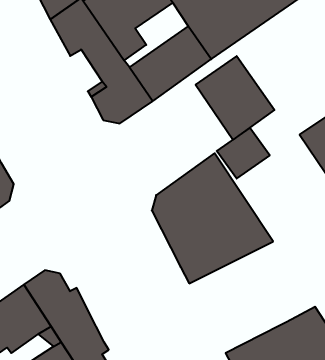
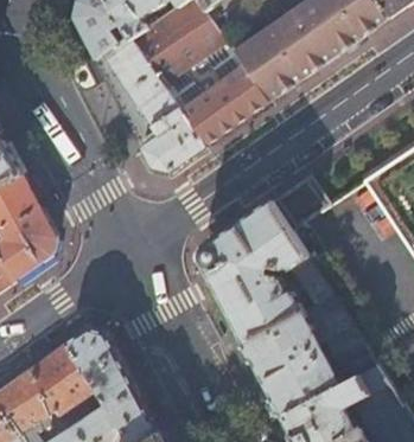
building: [196,56,274,140] -> none
building: none -> [242,297,377,417]

